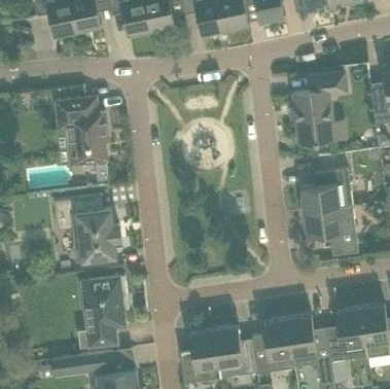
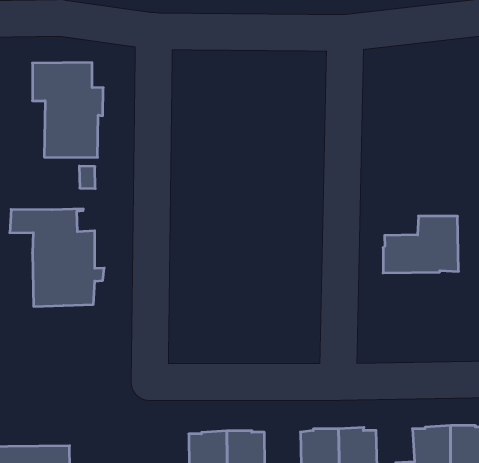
building: [293,73,347,143] -> none
building: [304,205,358,255] -> none
building: [78,275,128,348] -> none

